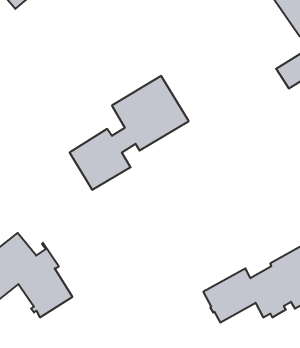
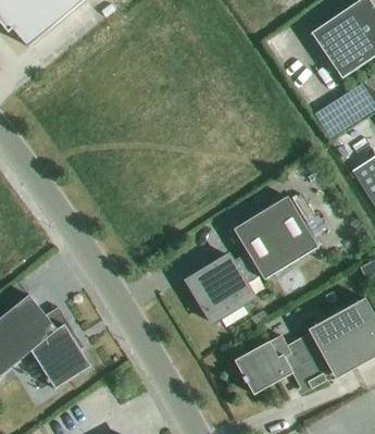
building: [70,76,189,190] -> [187,196,318,322]

